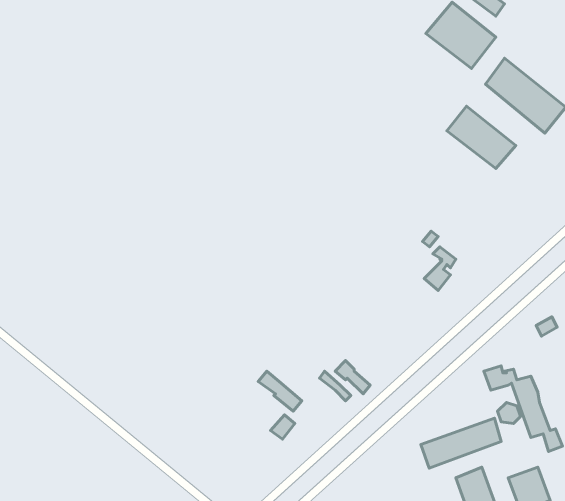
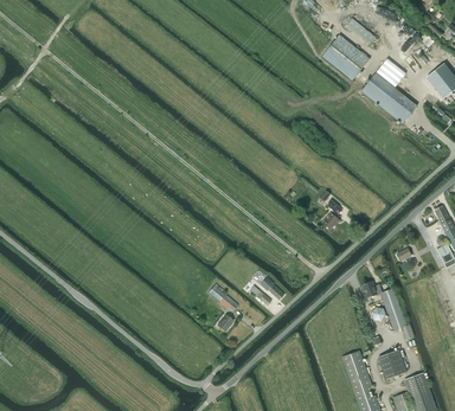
building: [447,106,516,169] -> none
building: [421,418,501,468] -> none

